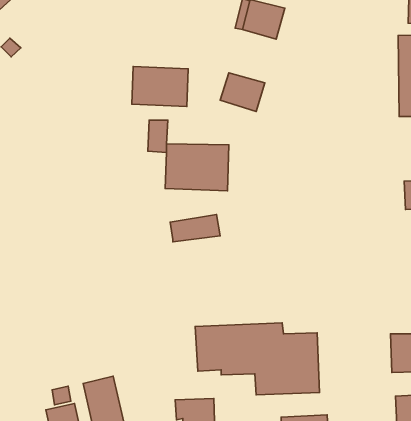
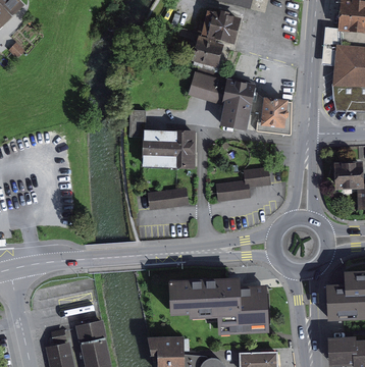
building: none -> [193,40,221,67]
building: [132,67,188,106] -> none
building: none -> [219,80,255,132]
building: none -> [259,98,288,129]
building: none -> [215,168,270,202]

